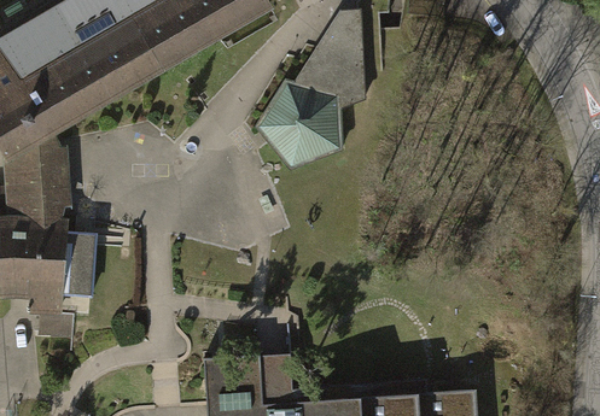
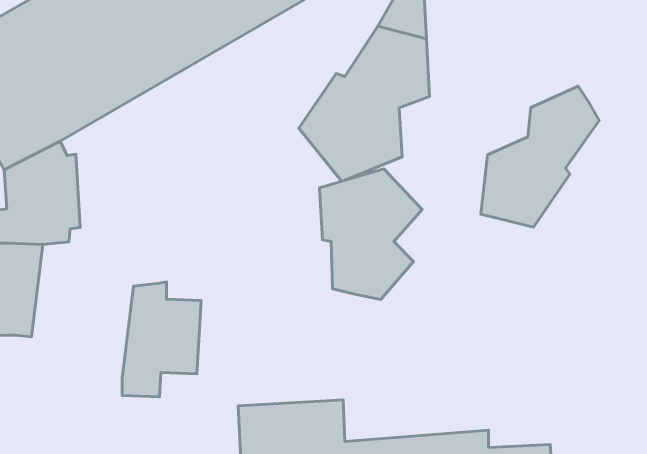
building: none -> [481,86,599,227]
building: none -> [320,169,422,299]
building: [29,218,95,315] -> [122,282,201,397]

